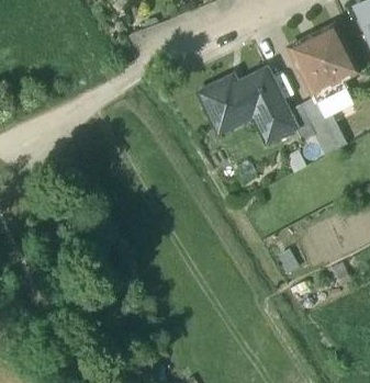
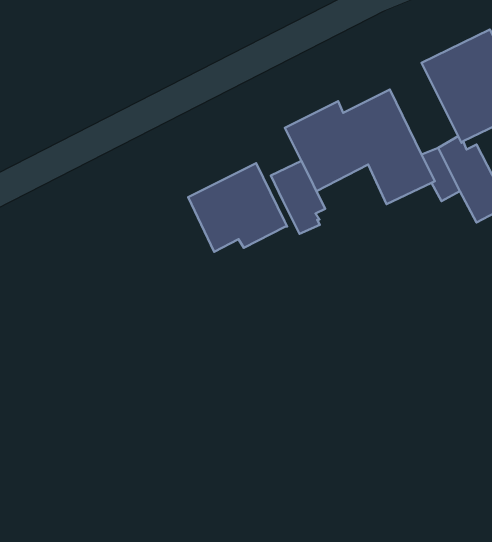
building: none -> [271,161,325,234]
building: none -> [188,163,287,252]

